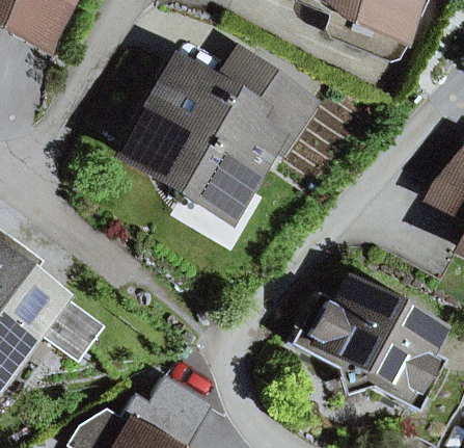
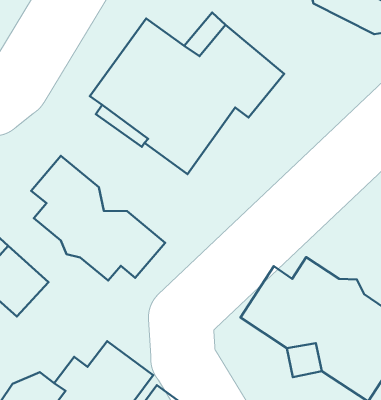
building: none -> [31,156,165,281]

